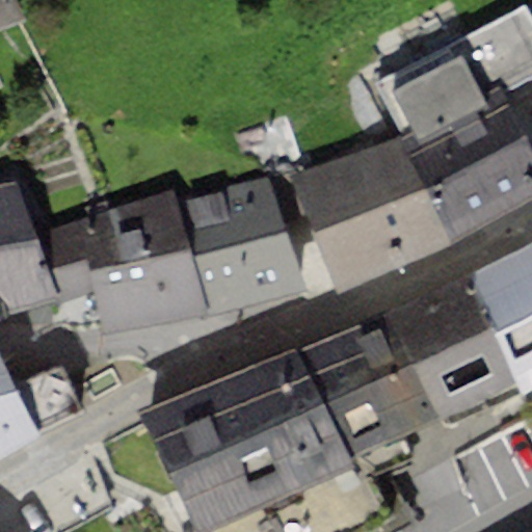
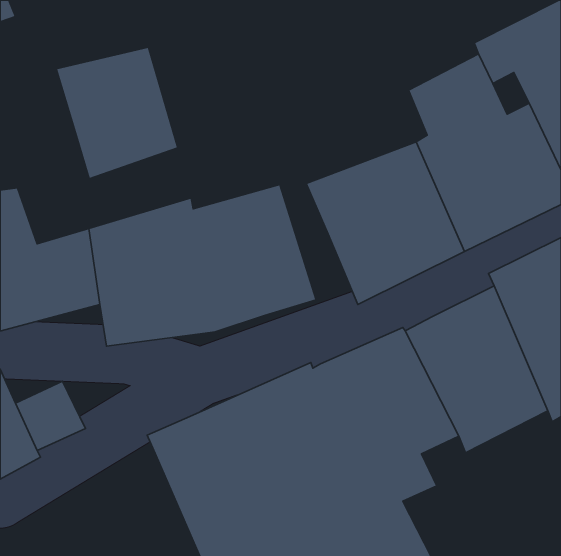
building: none -> [56,47,178,179]

